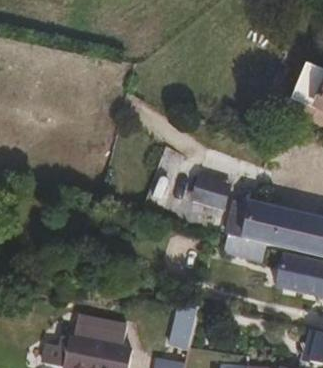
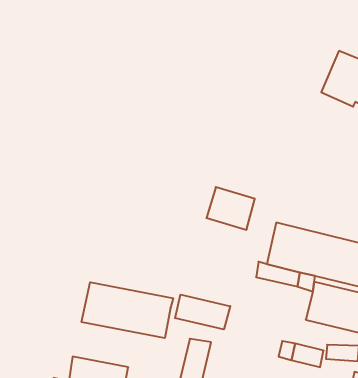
building: none -> [82,282,173,338]
building: none -> [175,295,230,329]

